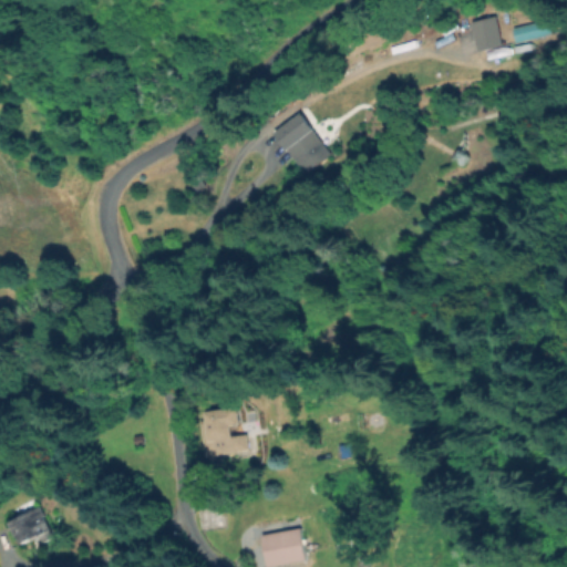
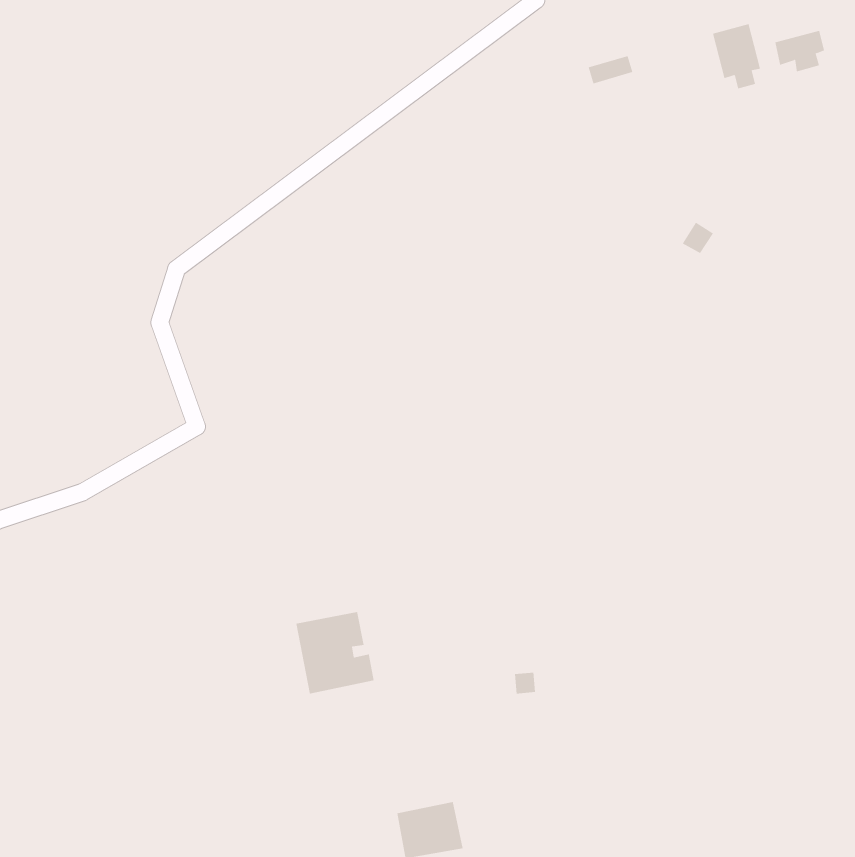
building: [274,114,330,174] -> none
building: [9,506,54,545] -> none

